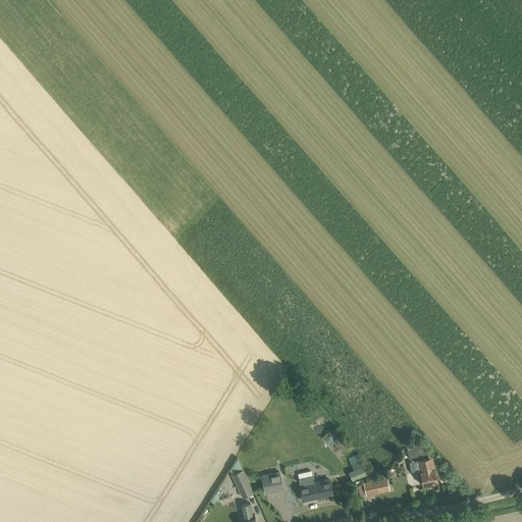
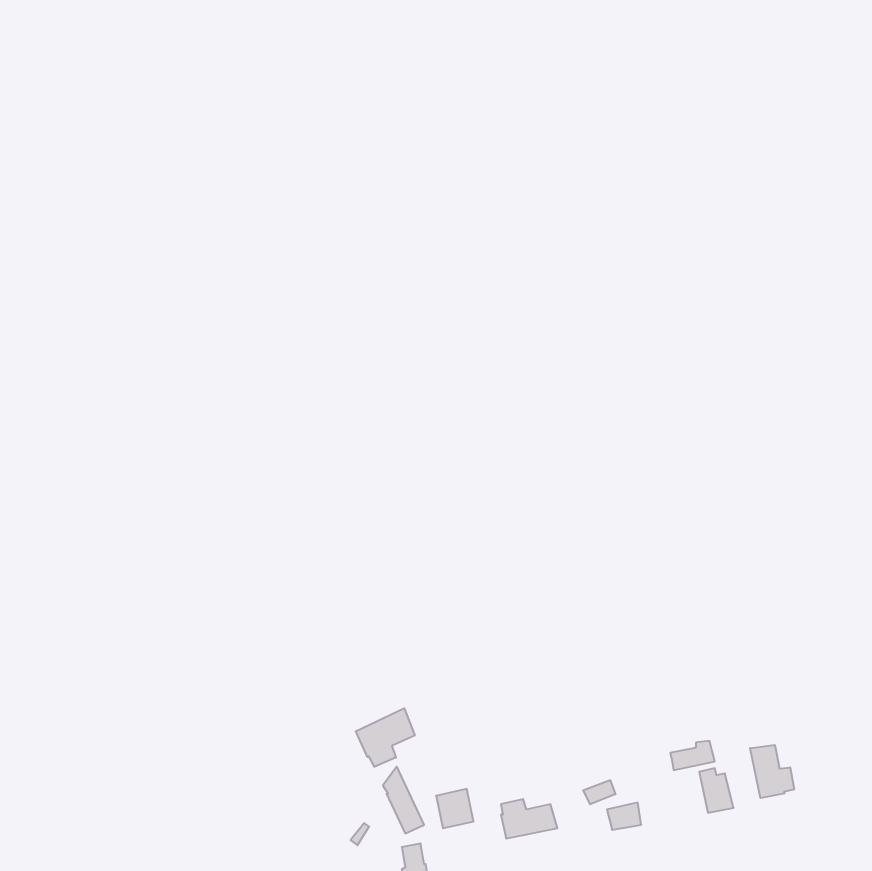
building: none -> [356,708,415,767]
building: none -> [750,745,794,798]

